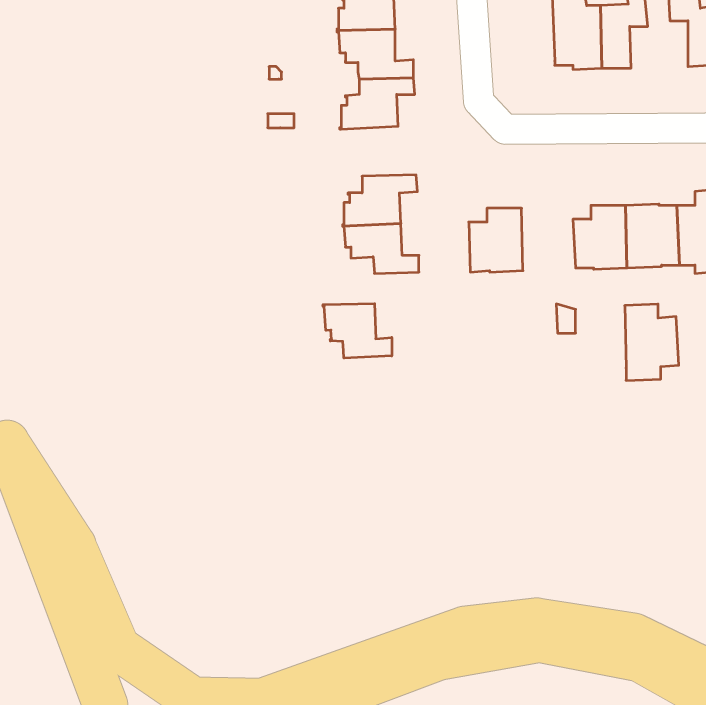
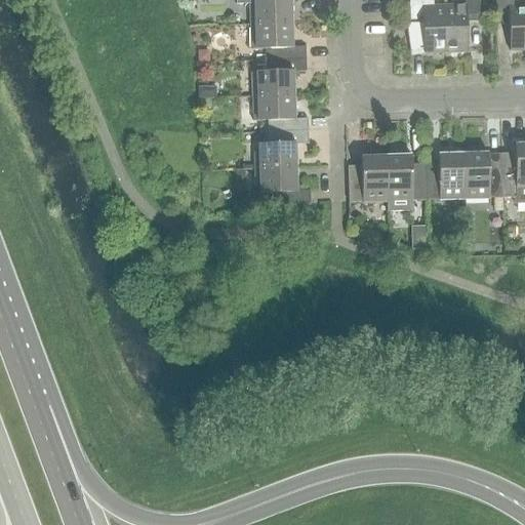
building: none -> [254,93,310,130]
building: [323,304,392,358] -> none
building: [625,304,679,380] -> [388,153,428,209]

